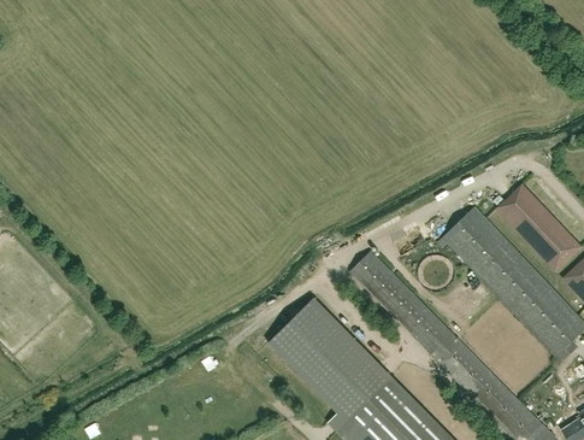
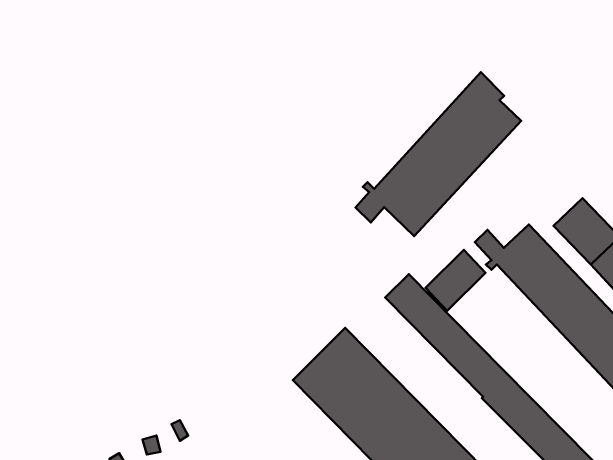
building: none -> [356,72,521,236]
building: none -> [426,250,486,311]

